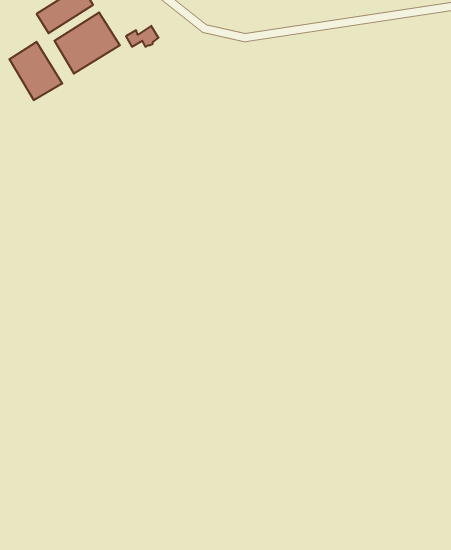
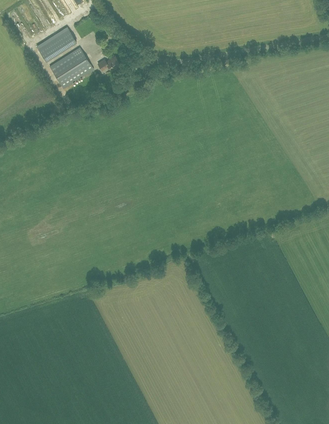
building: [9,42,62,100] -> none

